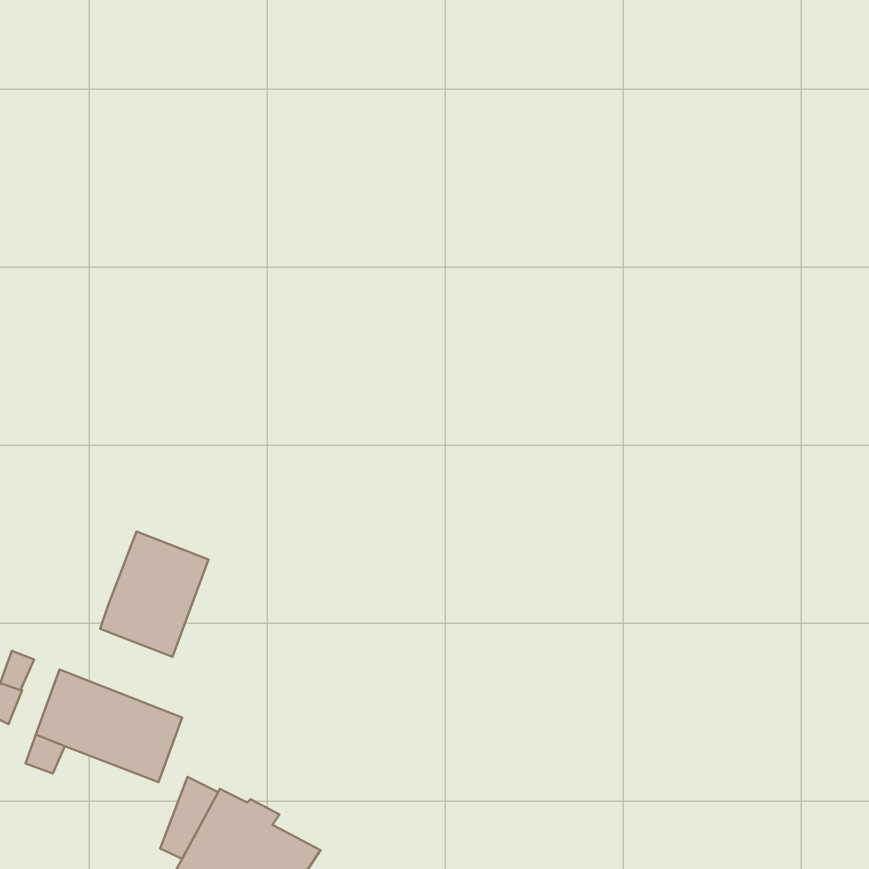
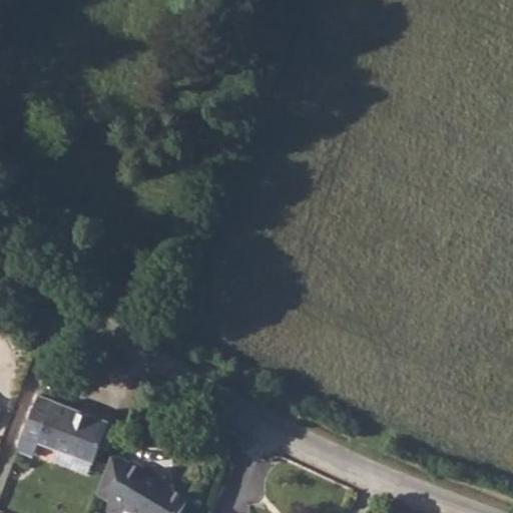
building: [100,531,209,657] -> none

